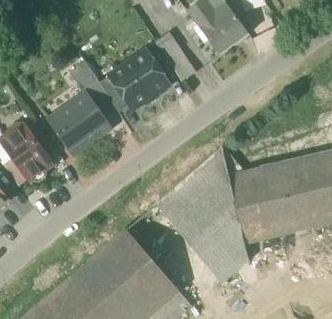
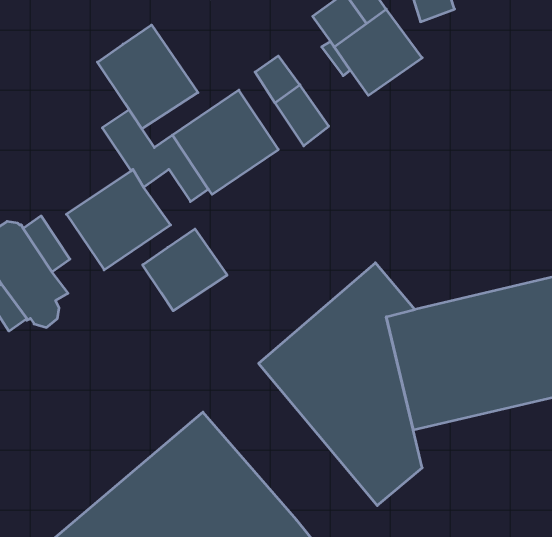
building: none -> [97,25,198,129]
building: none -> [143,229,227,311]

